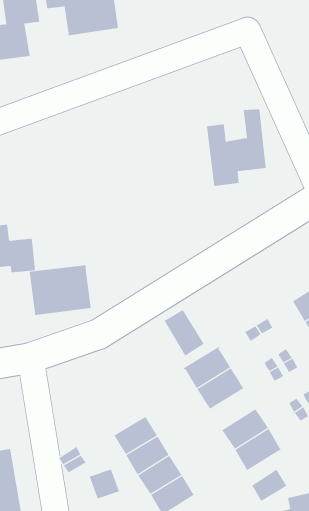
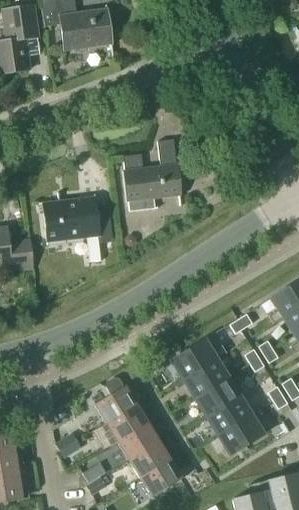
building: [206,109,267,186] -> [124,139,180,211]
building: [29,265,92,316] -> [44,195,102,242]
building: [164,309,204,356] -> none
building: none -> [95,377,137,421]
building: none -> [196,377,239,416]
building: [251,469,287,502] -> none

